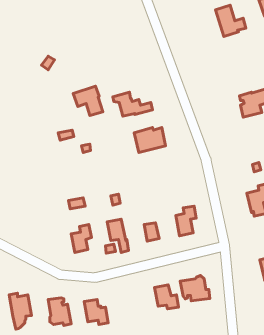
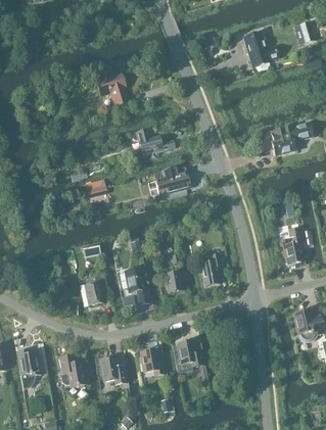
building: [73,86,103,116] -> [97,73,130,105]
building: [180,276,210,301] -> none
building: none -> [140,349,165,375]

